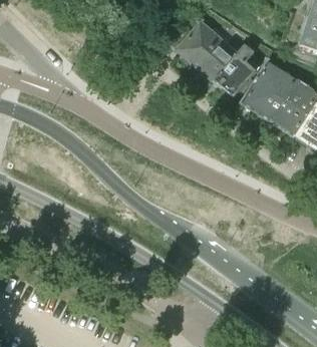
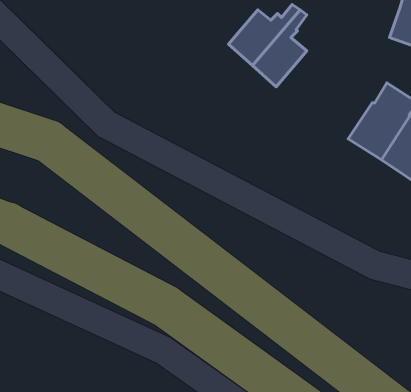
building: [213,45,254,96] -> none
building: [240,60,296,120] -> none

